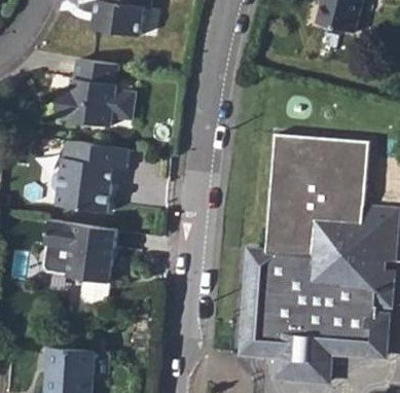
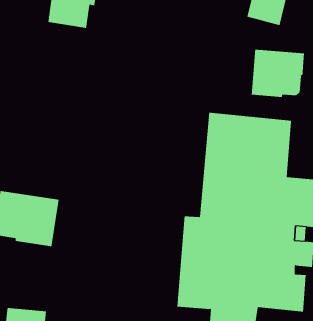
building: none -> [251,49,305,98]
building: [57,60,135,128] -> none
building: [48,140,124,213] -> none

